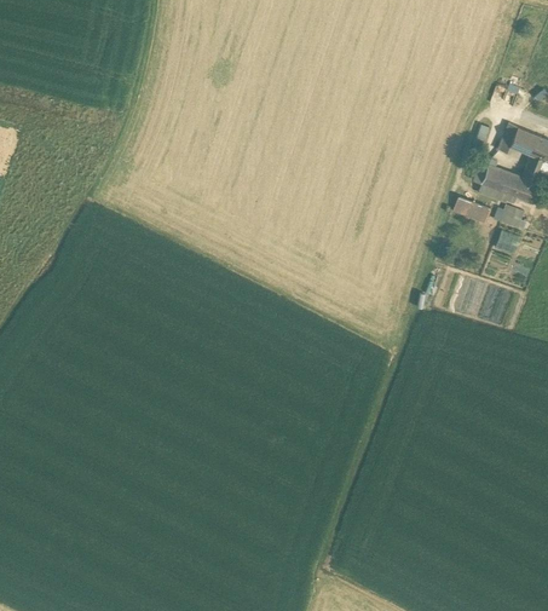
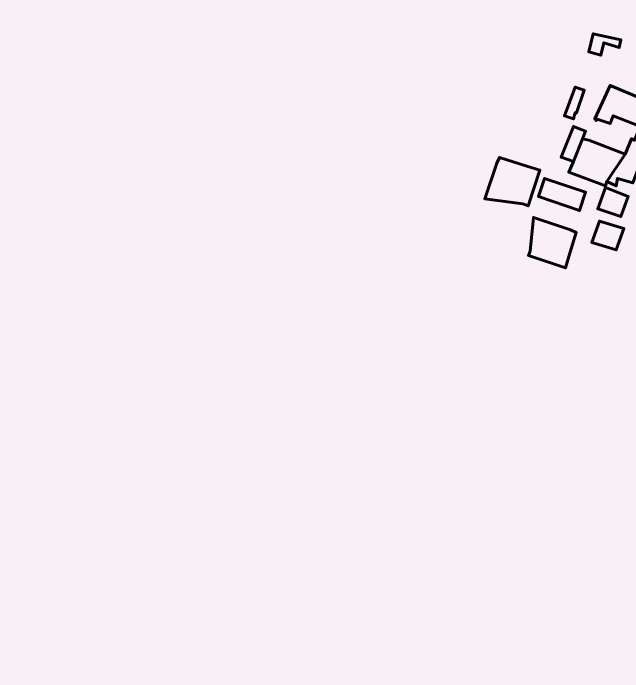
building: none -> [485,158,540,206]
building: none -> [528,218,576,268]

